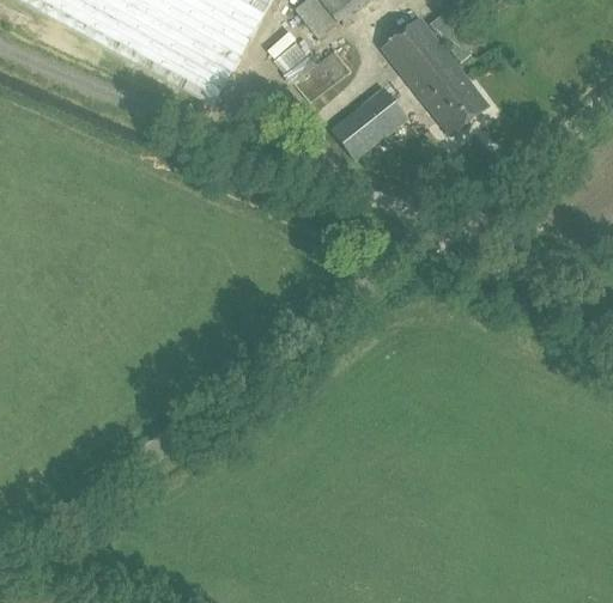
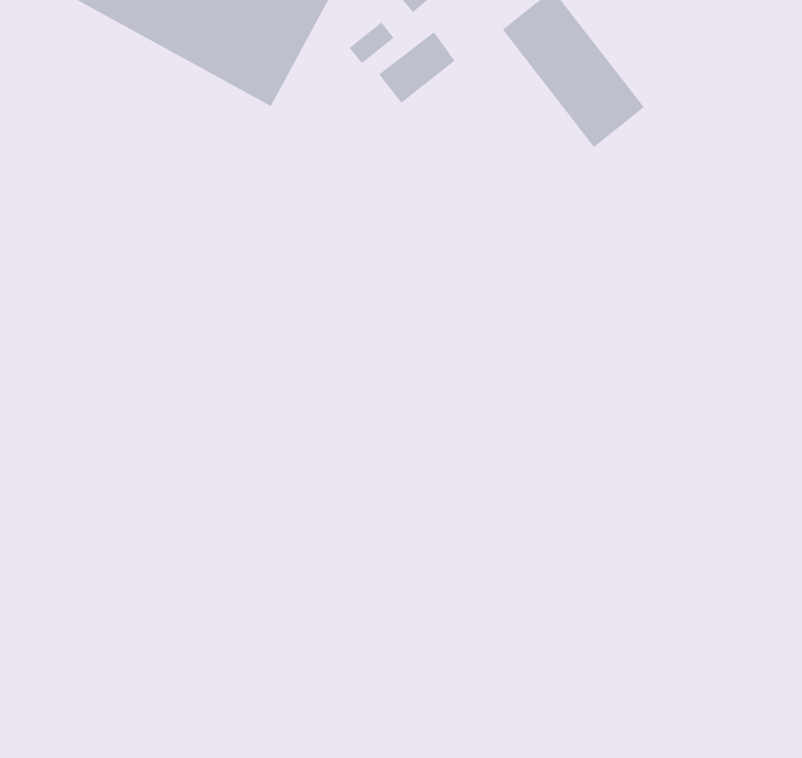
building: [329,84,407,158] -> none

